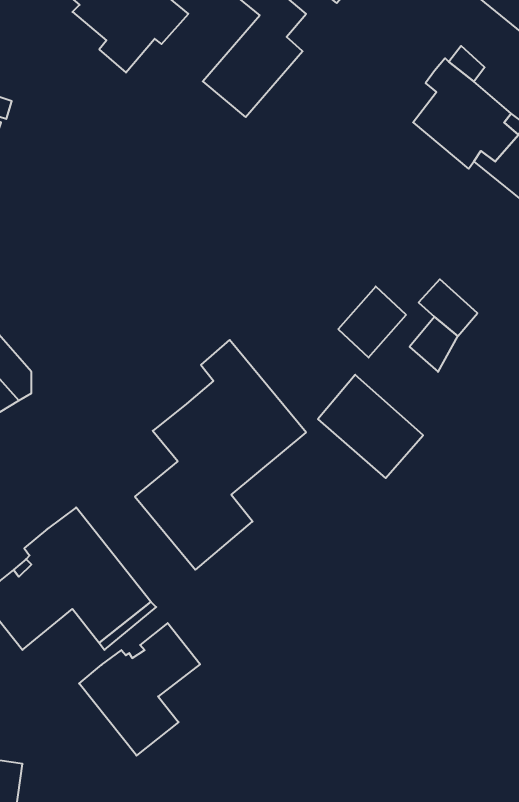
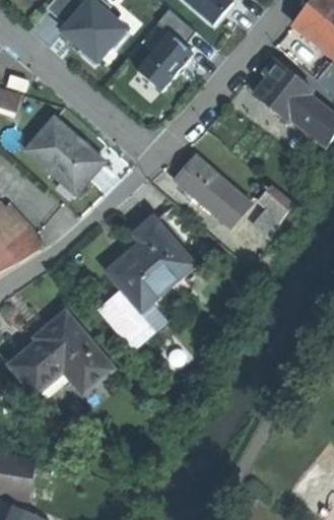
building: none -> [27,119,104,194]
building: [318,375,423,478] -> [175,153,235,212]
building: [79,623,200,756] -> none

